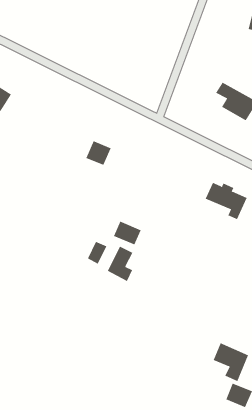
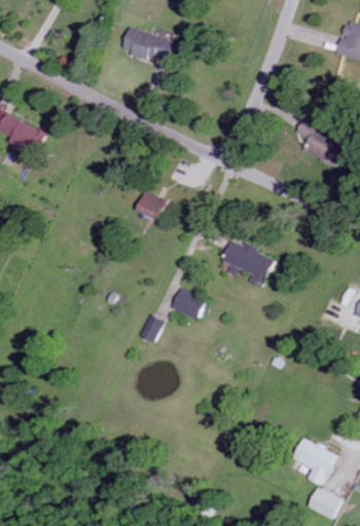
building: none -> [121,26,177,63]
building: [205,182,248,220] -> [222,239,275,286]
building: [107,246,133,282] -> none

